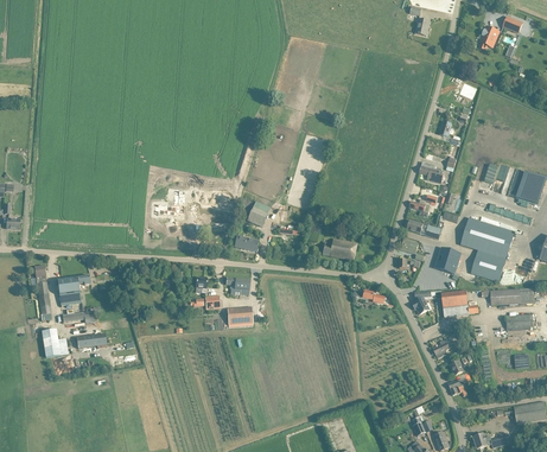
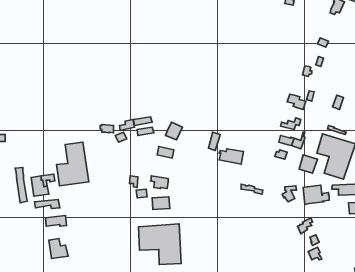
building: none -> [57,142,89,186]
building: [42,329,69,357] -> [49,238,68,259]
building: none -> [138,224,181,265]

